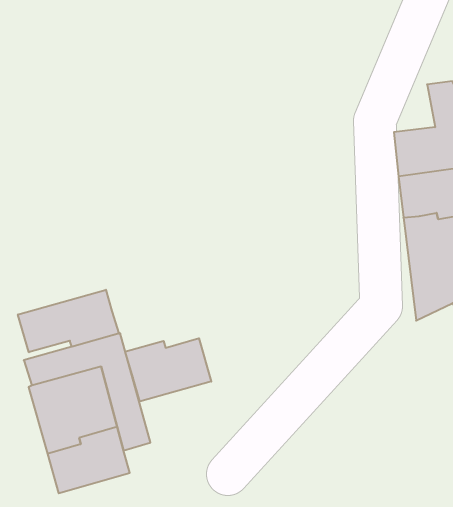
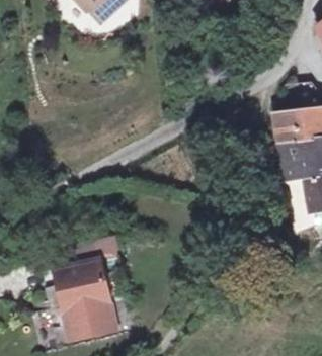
building: [18,290,119,352] -> none
building: [125,338,211,401] -> none

